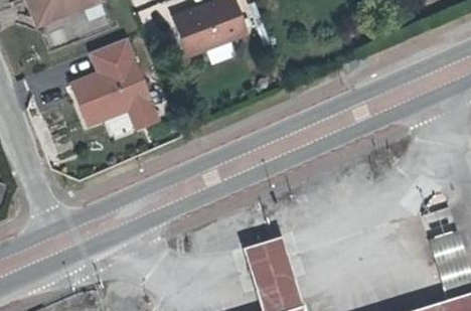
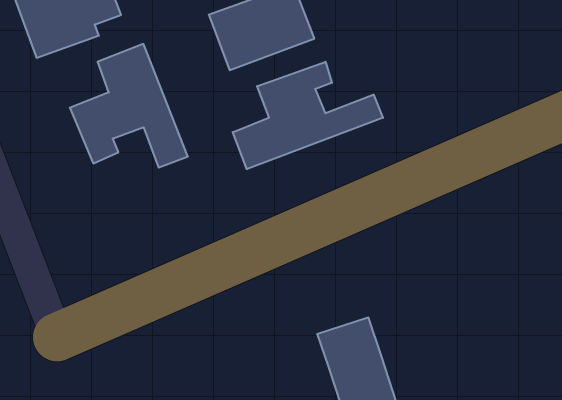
building: none -> [233,62,383,169]

